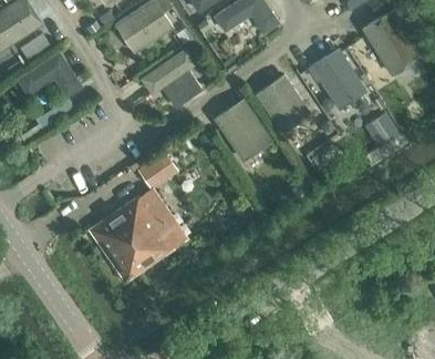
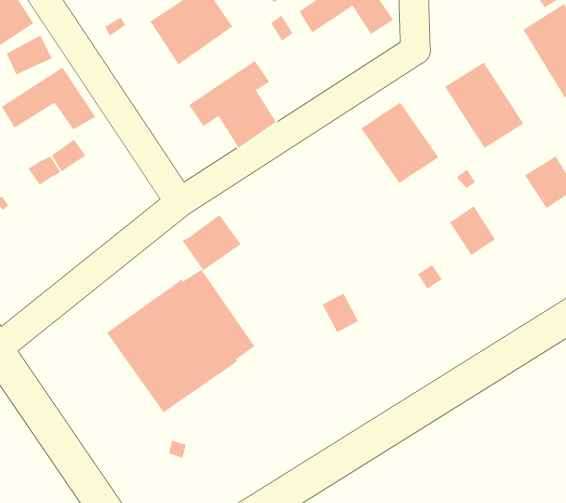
building: [215,100,270,160] -> none

